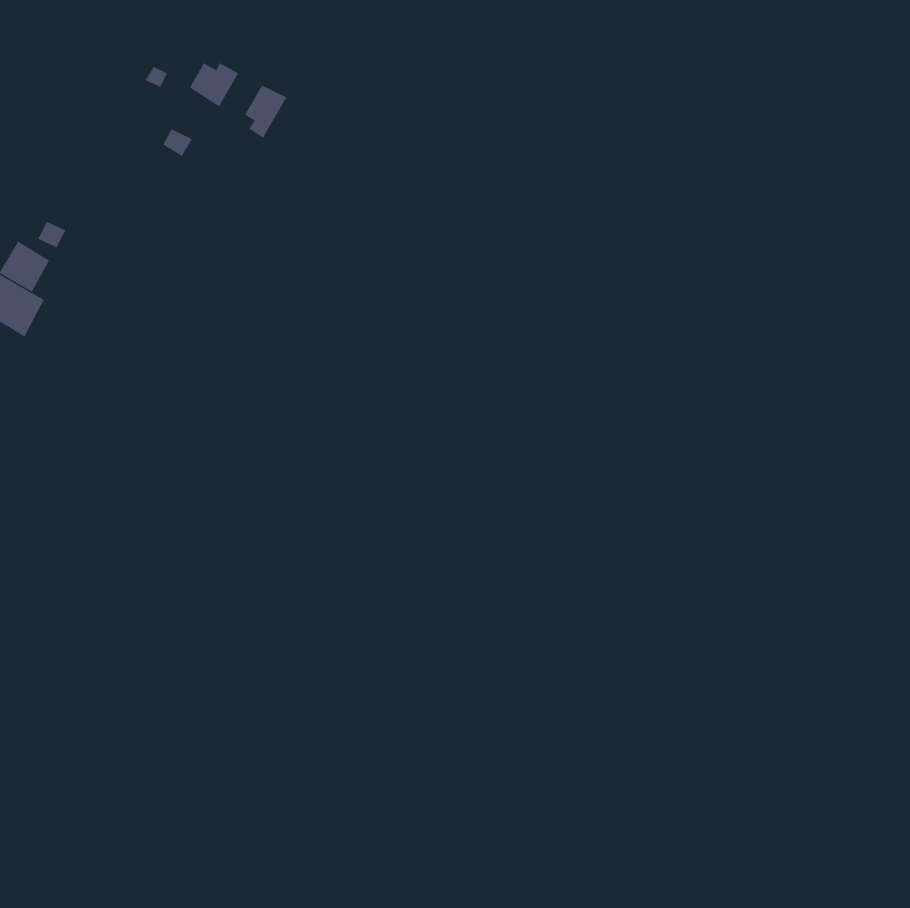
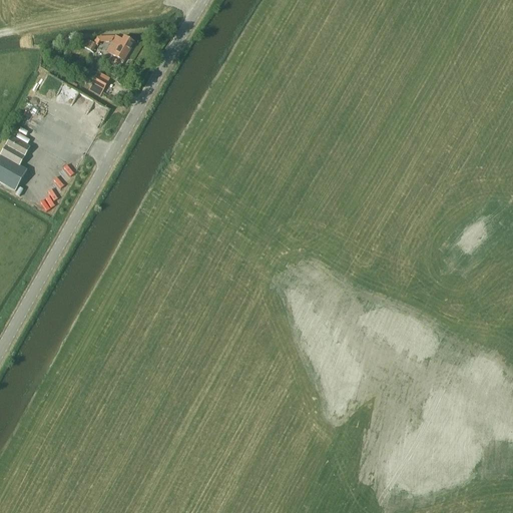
building: [244,85,287,139] -> none

